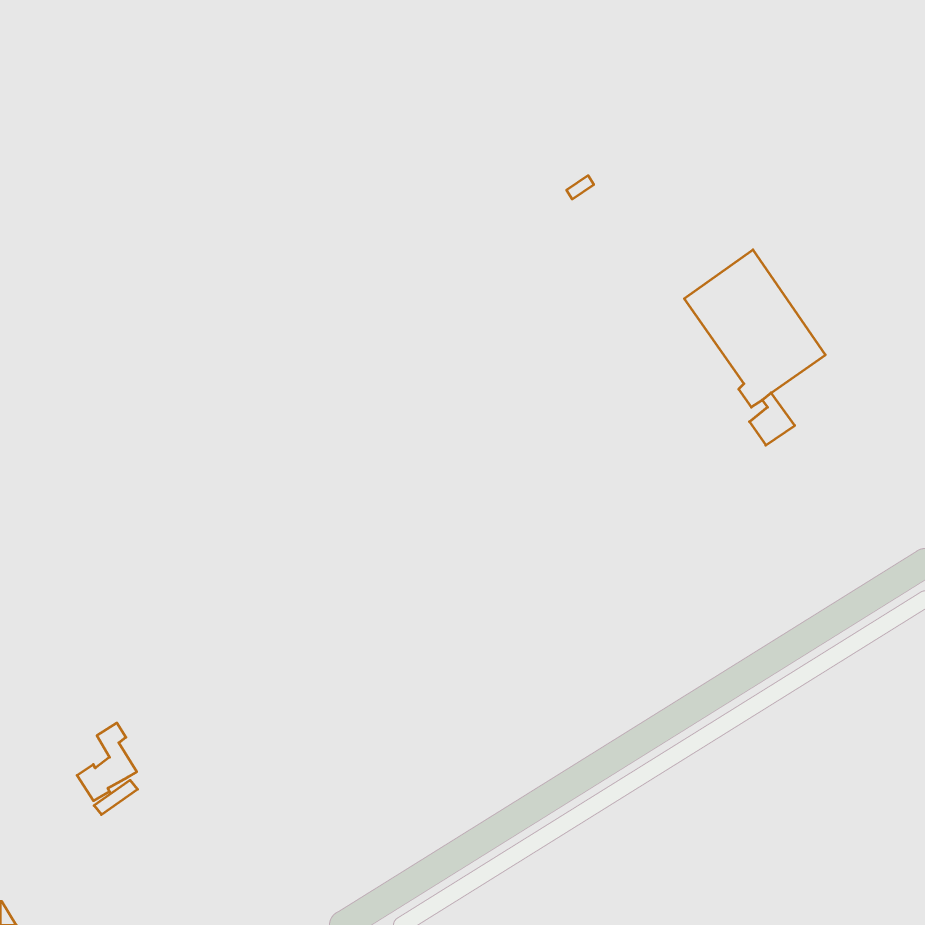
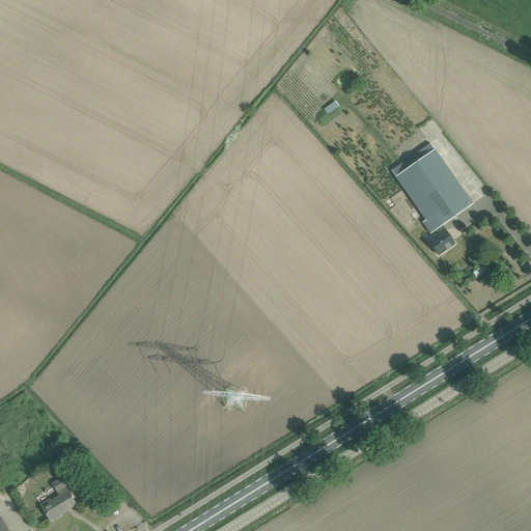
building: [77,723,137,801] -> [41,476,76,521]

